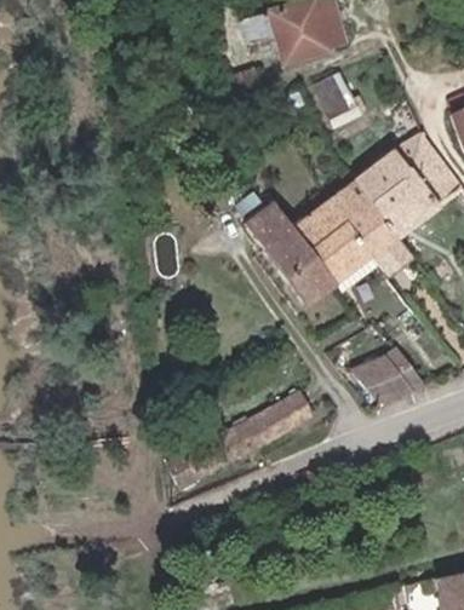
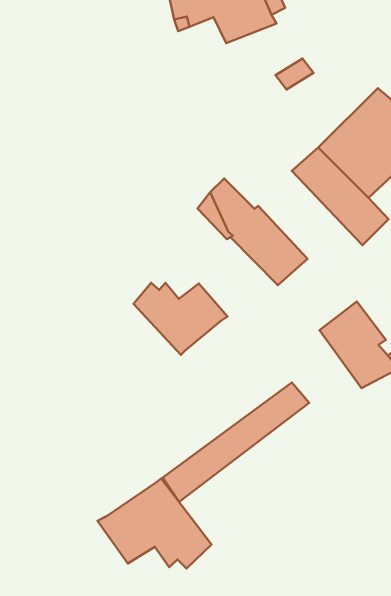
building: [294,200,368,282] -> none
building: none -> [133,283,228,355]
building: none -> [97,478,212,568]

